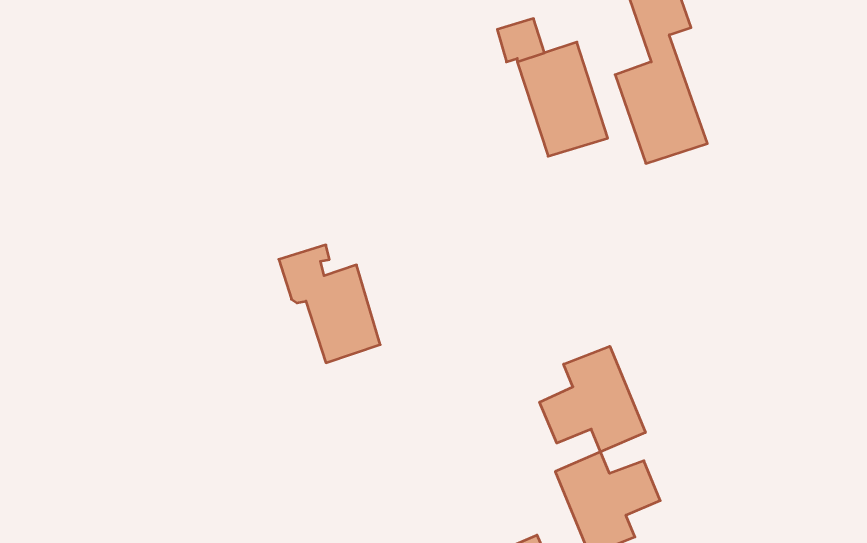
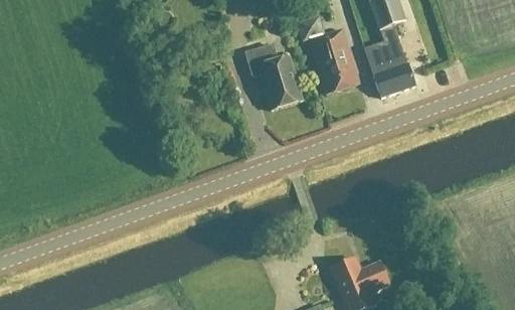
building: [279,245,380,363] -> [246,44,303,110]
building: [540,346,645,452] -> none

